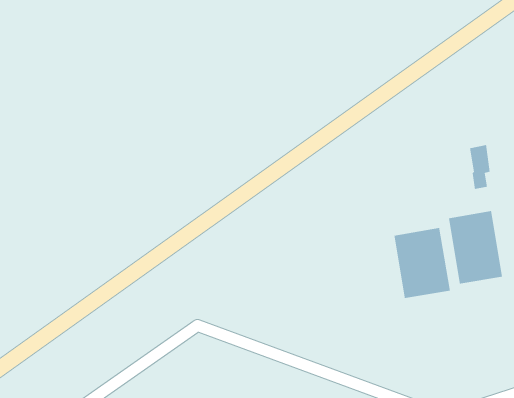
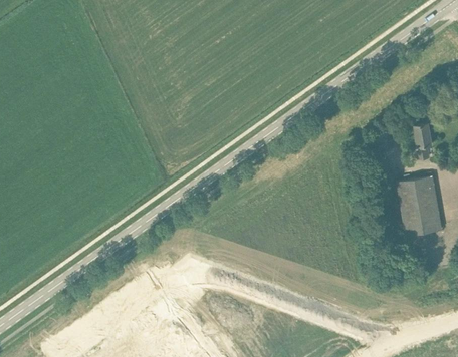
building: [394,227,450,299] -> none

